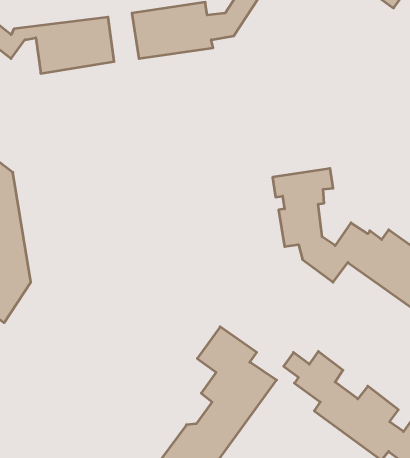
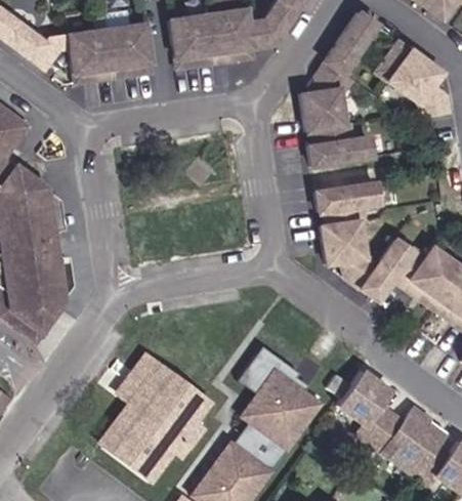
building: none -> [300,11,376,163]
building: none -> [377,38,447,112]
building: none -> [109,347,211,472]

